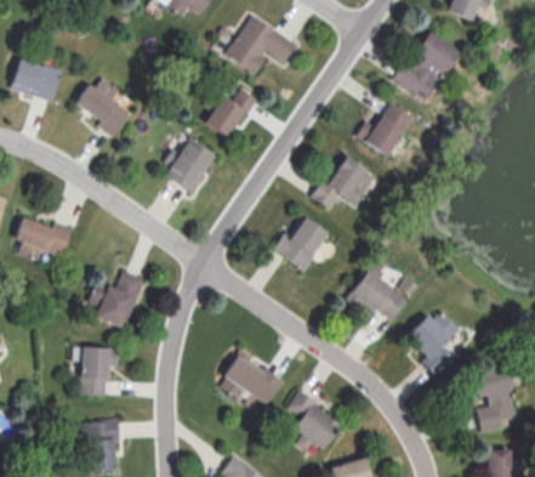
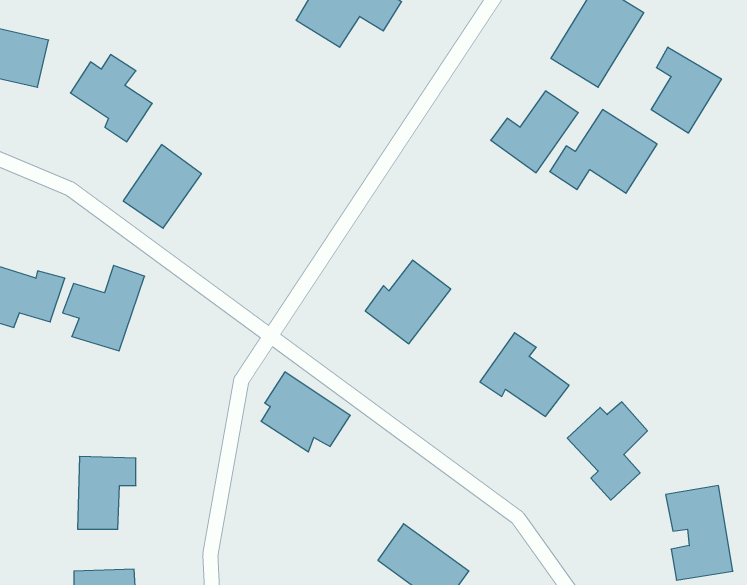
building: none -> [651,47,721,133]
building: [205,87,255,137] -> none
building: [165,136,217,192] -> [123,145,201,228]
building: [311,154,382,210] -> [550,110,657,193]
building: [87,271,142,328] -> [63,265,145,351]
building: [221,354,280,408] -> [261,372,350,452]

